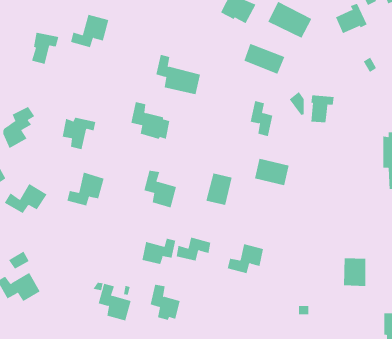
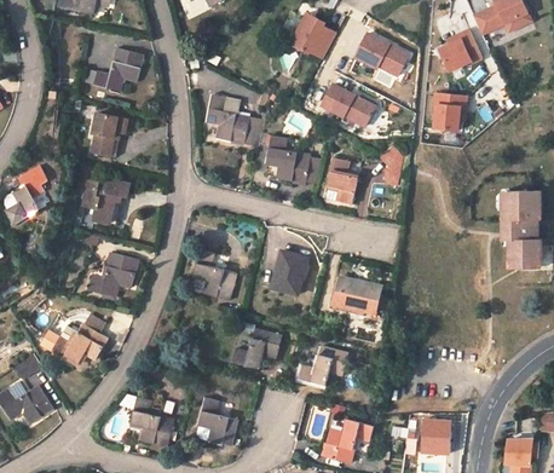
building: [31,32,59,65] -> [90,111,126,154]
building: [310,95,335,123] -> [435,94,467,131]
building: [130,101,170,139] -> [265,139,317,189]
building: [254,158,289,186] -> [335,275,381,311]
building: [4,183,47,214] -> [52,323,109,363]
building: [142,238,176,265] -> none
building: [343,258,366,286] -> [420,416,450,454]
building: none -> [324,419,374,461]

